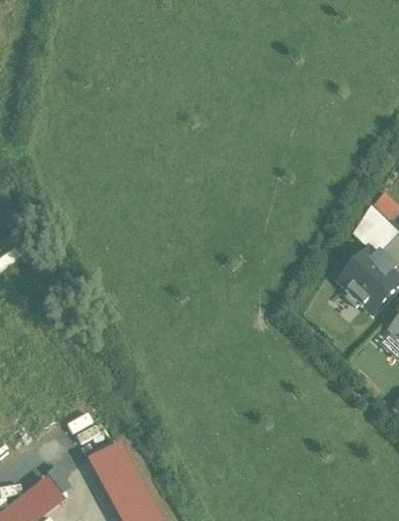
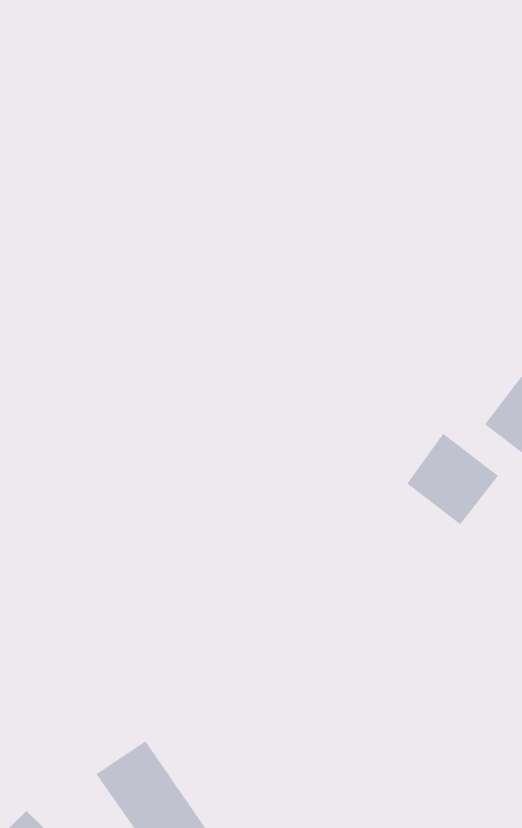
building: none -> [406,433,499,525]

